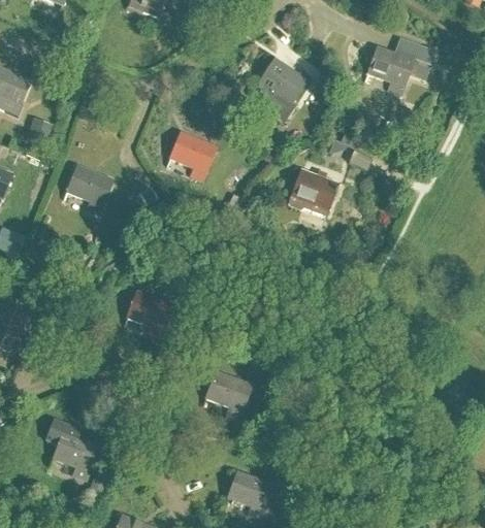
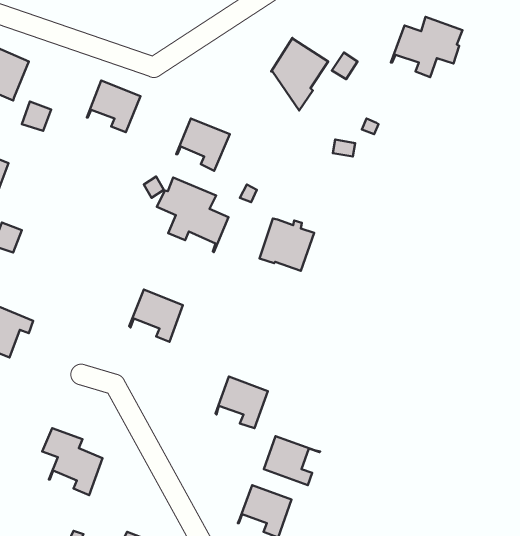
building: [64,165,114,212] -> [87,81,140,132]
building: [285,169,335,218] -> [259,218,314,271]
building: none -> [157,177,229,252]
building: none -> [264,436,320,485]

